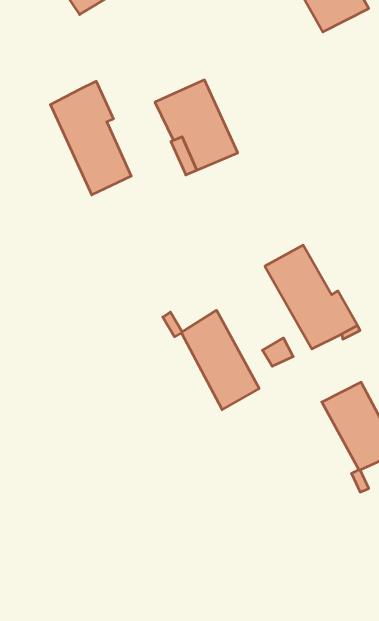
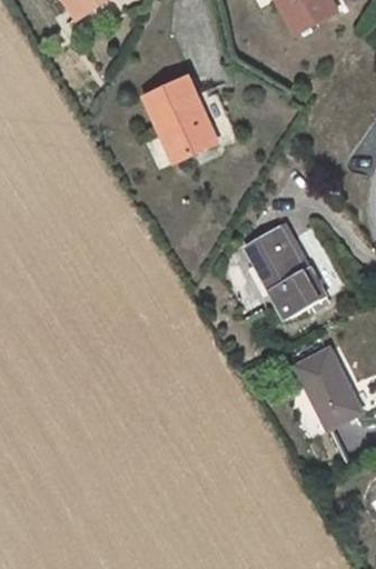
building: [50,81,131,195] -> none
building: [163,310,259,410] -> none

